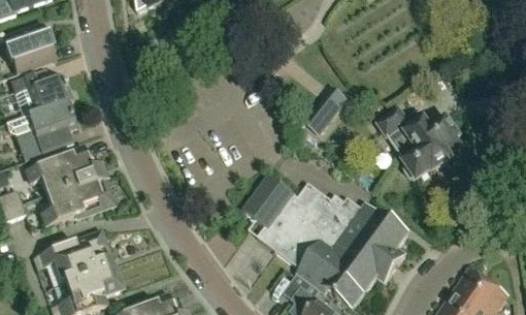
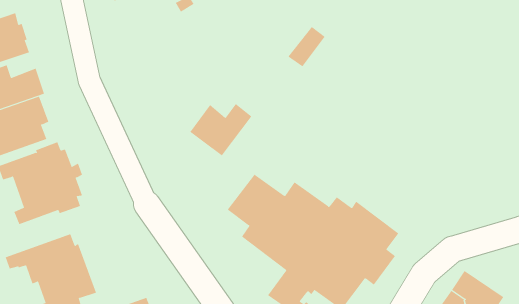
building: [309,89,346,128] -> [288,26,326,67]
building: [377,107,463,179] -> none
building: none -> [189,103,252,165]

